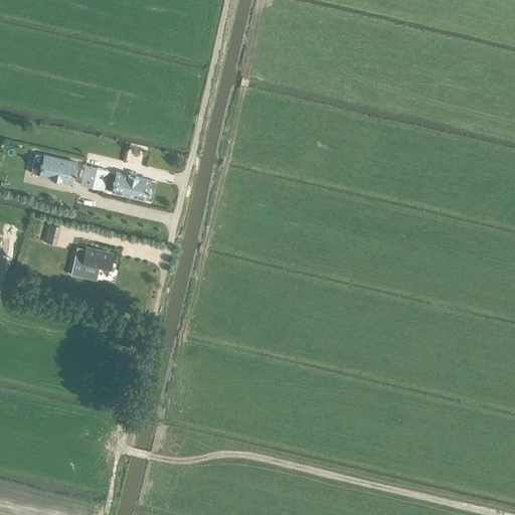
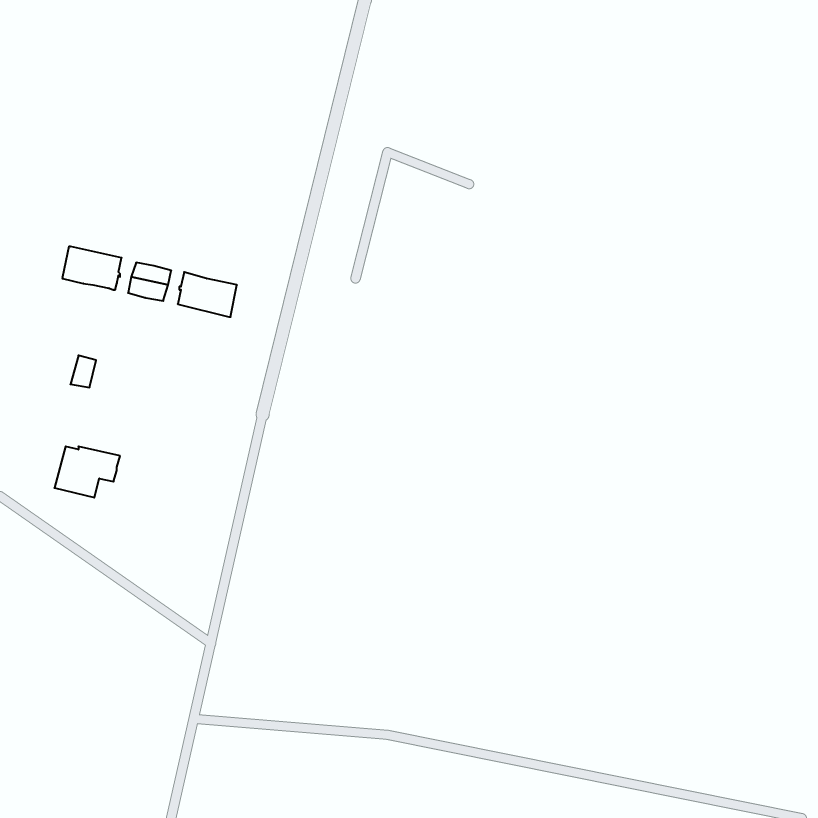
building: [70,246,112,279] -> [54,446,120,498]

